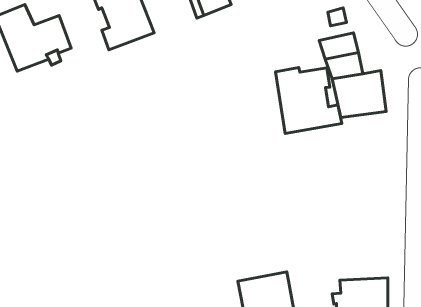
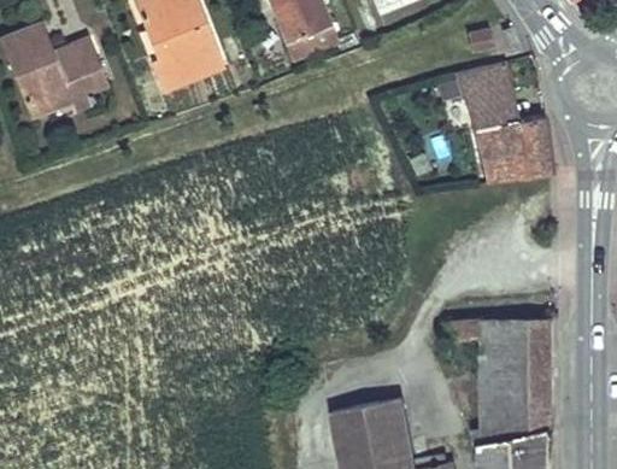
building: [275,67,342,133] -> none
building: none -> [451,322,552,412]

